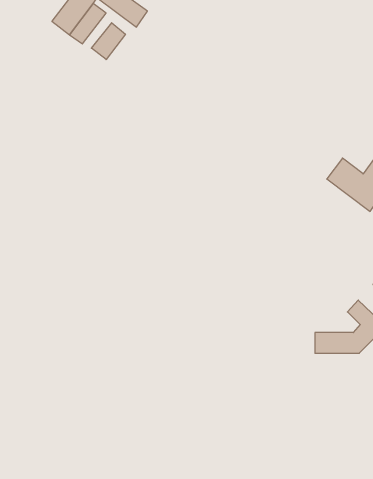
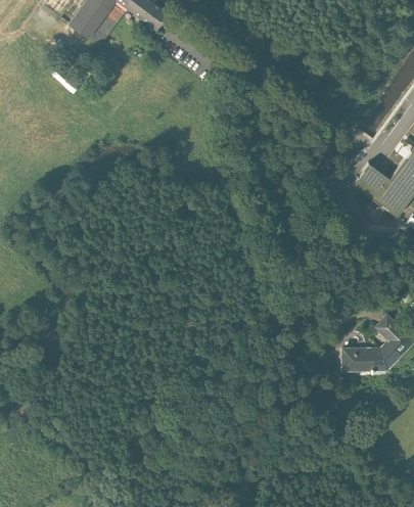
building: [91,23,125,60] -> none

